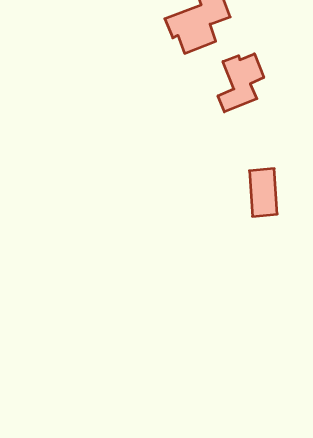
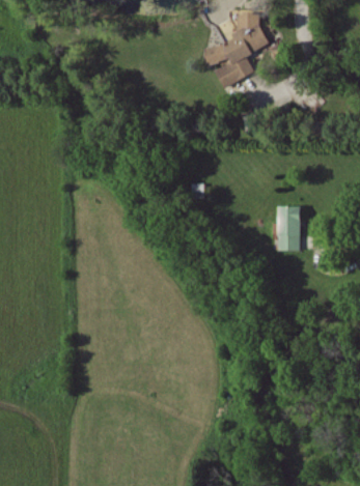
building: [218,54,264,112] -> none

